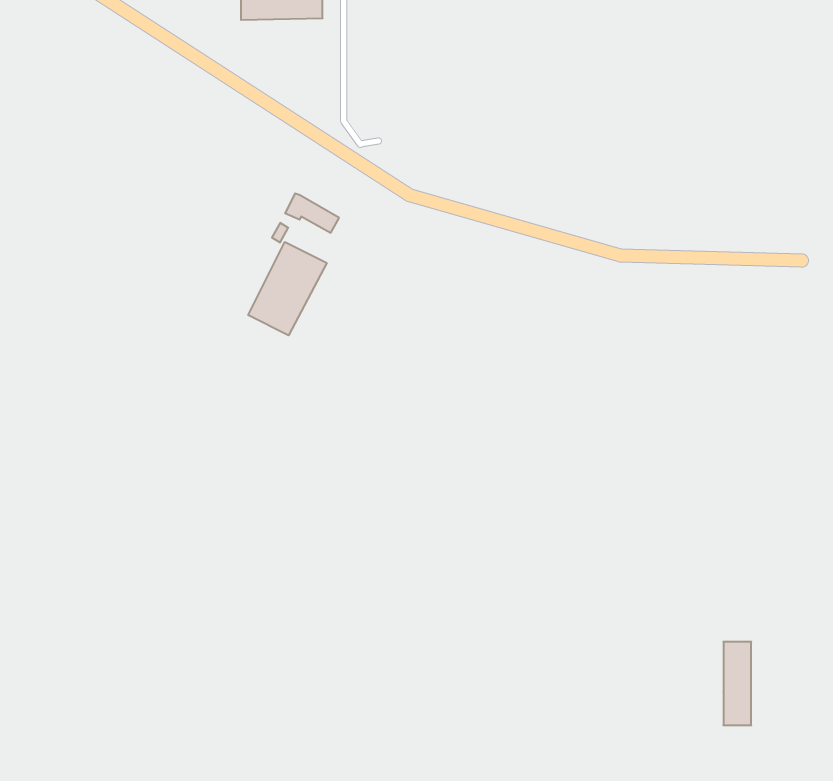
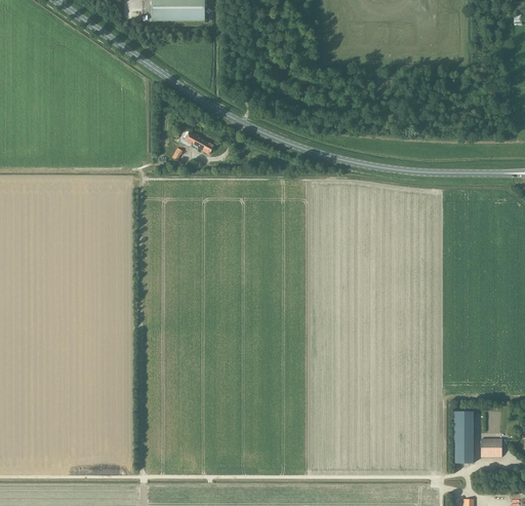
building: [248,242,327,335] -> none
building: none -> [480,438,500,457]

